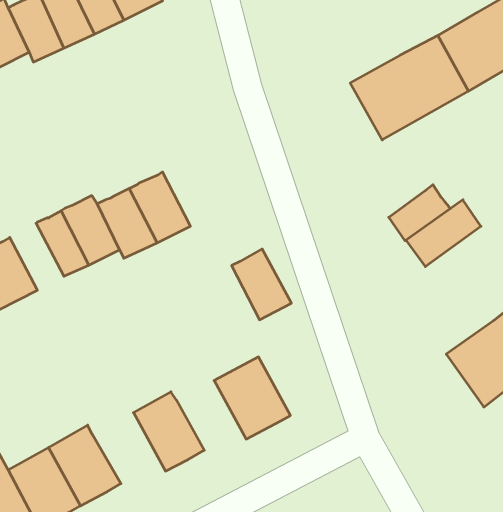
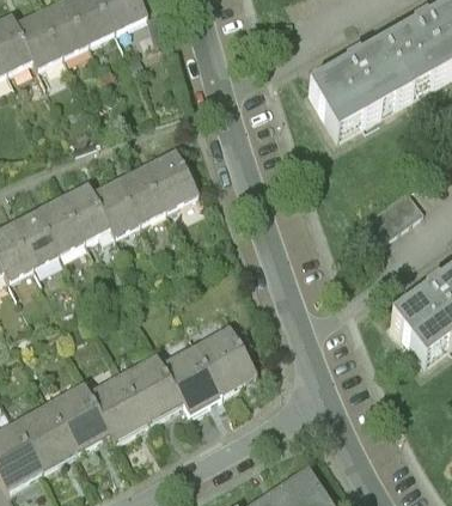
building: [389,185,450,241] -> none
building: none -> [17,207,63,264]
building: [232,249,291,320] -> [148,148,200,209]
building: none -> [160,342,220,410]
building: none -> [87,370,151,439]

